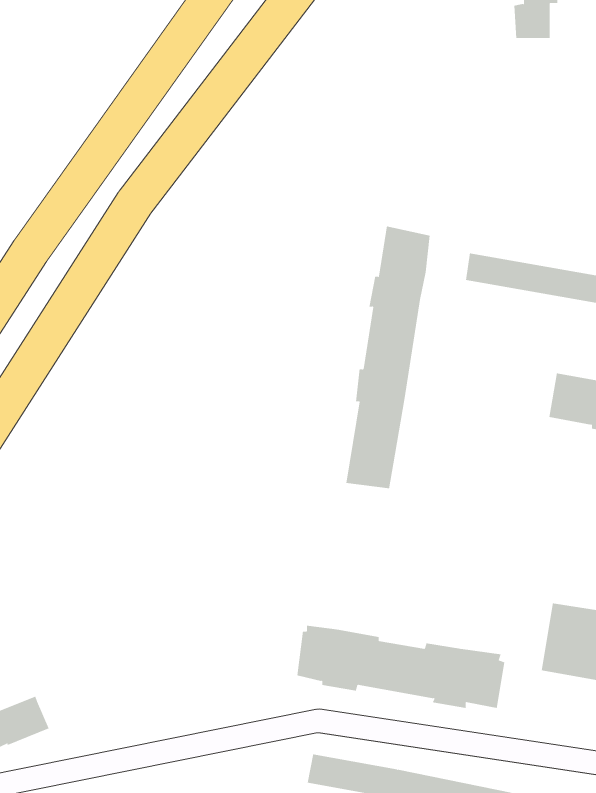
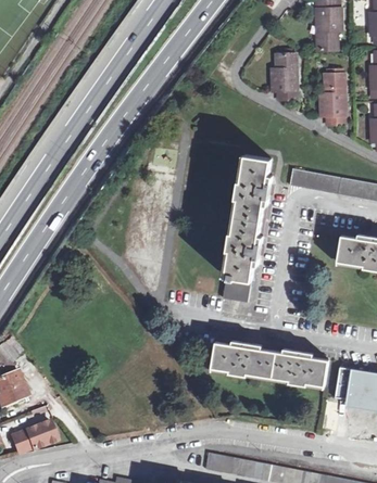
building: none -> [269,52,296,99]
building: none -> [319,73,344,123]
building: [296,625,505,708] -> [211,340,328,386]

